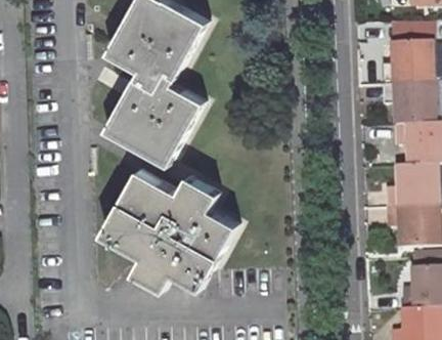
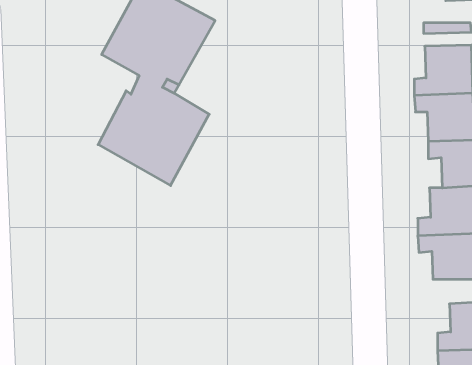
building: [102,169,236,288] -> none

